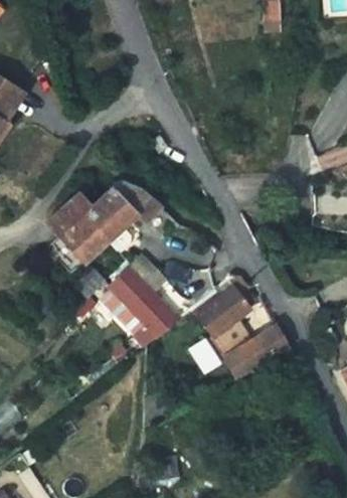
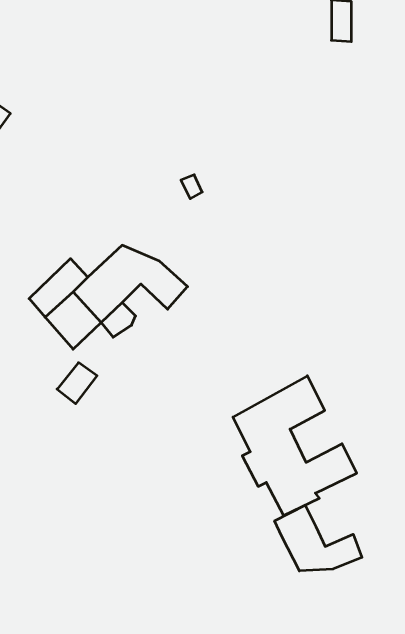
building: [95,269,169,341] -> none
building: none -> [275,505,362,571]

